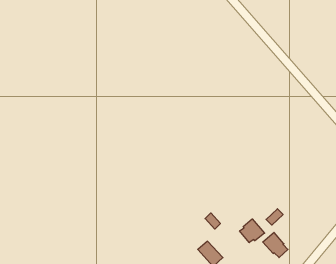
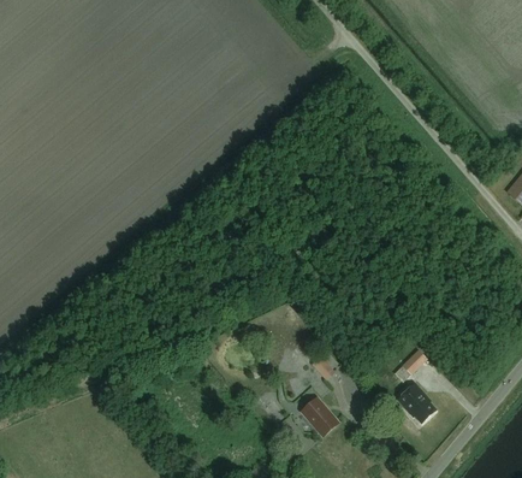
building: [240,219,265,243] -> none

